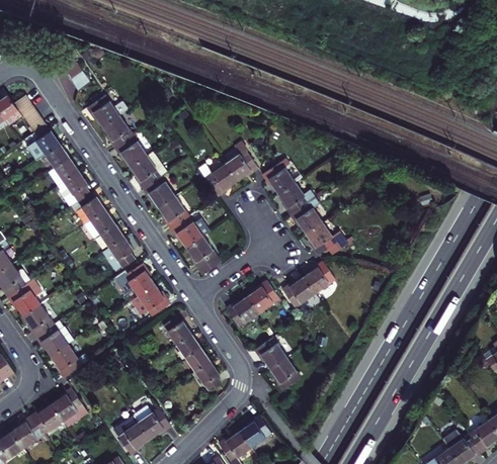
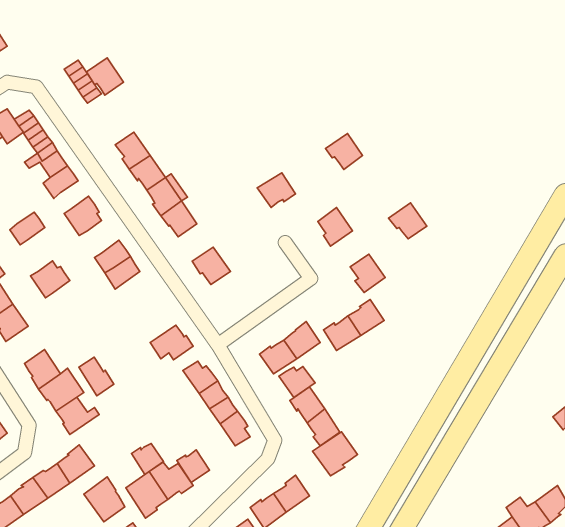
building: [86,95,118,127] -> [86,58,124,95]
building: [49,159,79,187] -> [10,212,45,245]
building: [262,163,295,194] -> [325,133,363,170]
building: [205,165,238,198] -> none
building: [71,193,105,225] -> [30,261,70,298]
building: [157,196,187,228] -> none
building: [289,202,323,234] -> [389,203,427,239]
building: [102,238,136,272] -> none
building: [185,238,220,276] -> none
building: [125,262,155,295] -> none
building: [7,285,40,317] -> none
building: none -> [79,357,114,396]
building: none -> [279,366,315,398]
building: none -> [312,432,357,476]
building: none -> [131,443,163,474]
building: none -> [177,450,210,482]
building: none -> [84,477,125,522]

